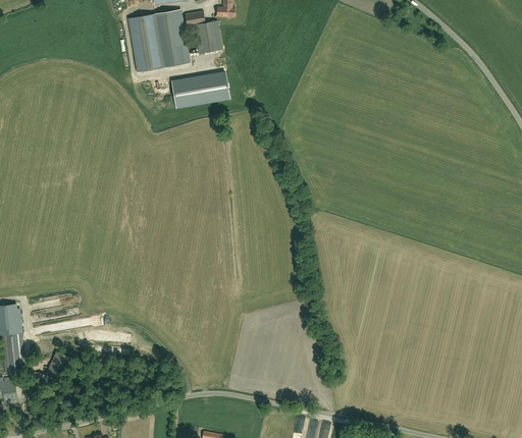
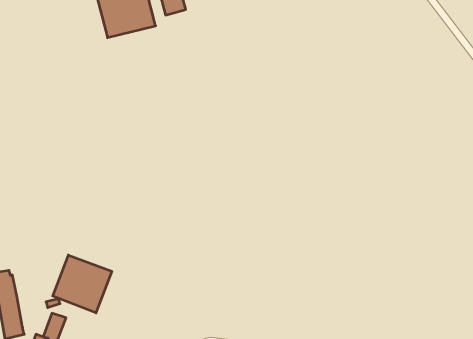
building: [171,72,229,107] -> none
building: none -> [53,255,112,313]

